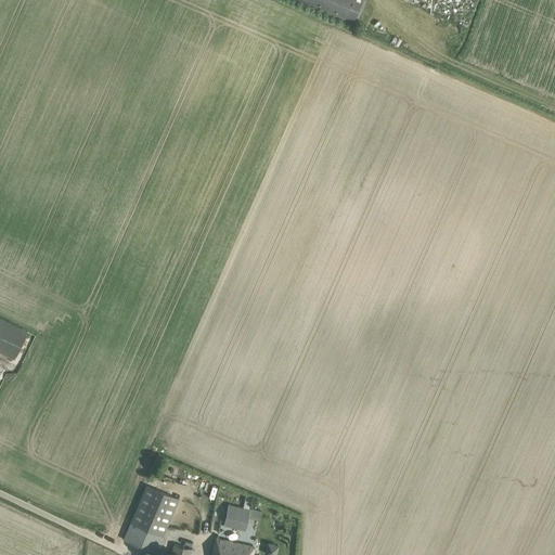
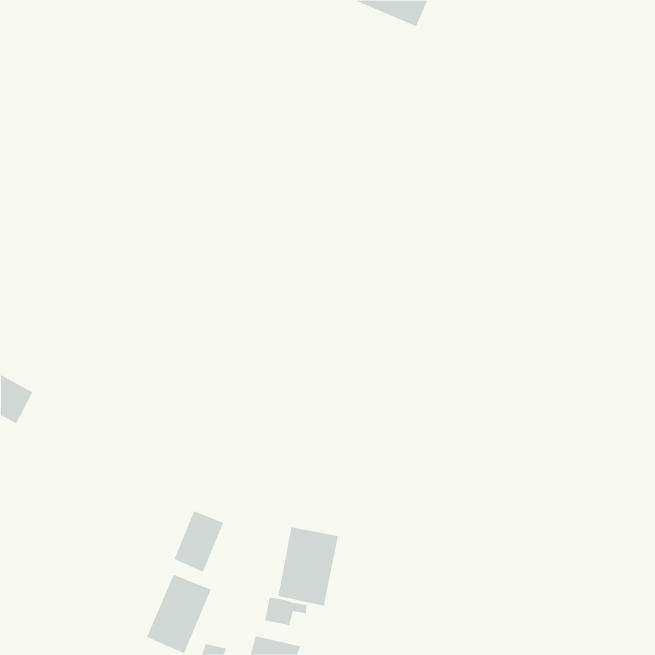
building: none -> [174,510,224,572]
building: none -> [278,527,338,606]

